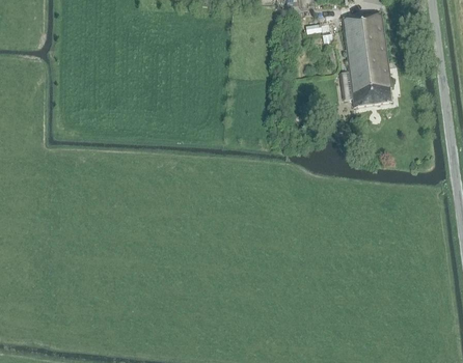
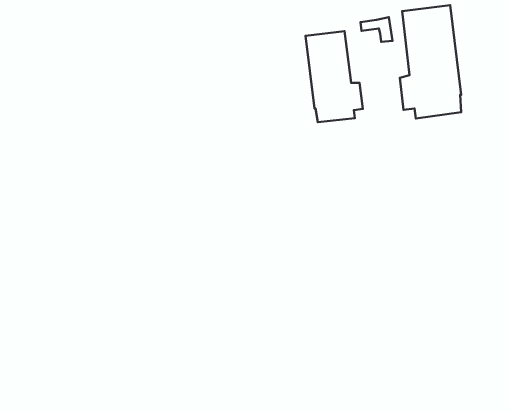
building: none -> [306,31,363,122]

